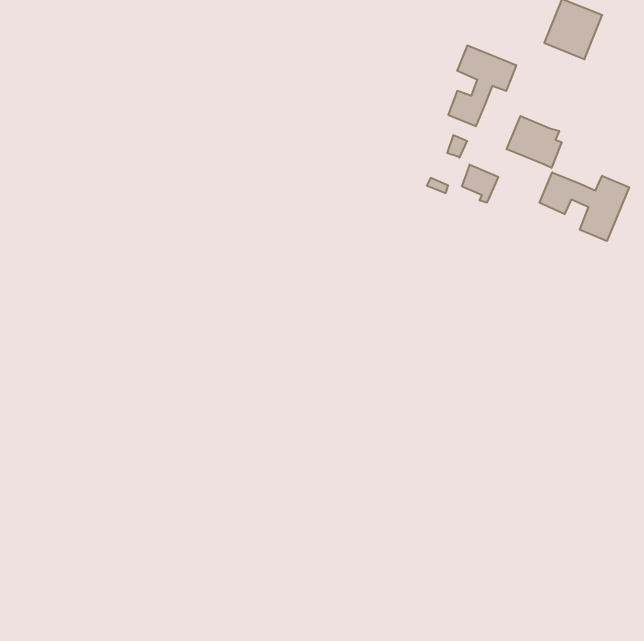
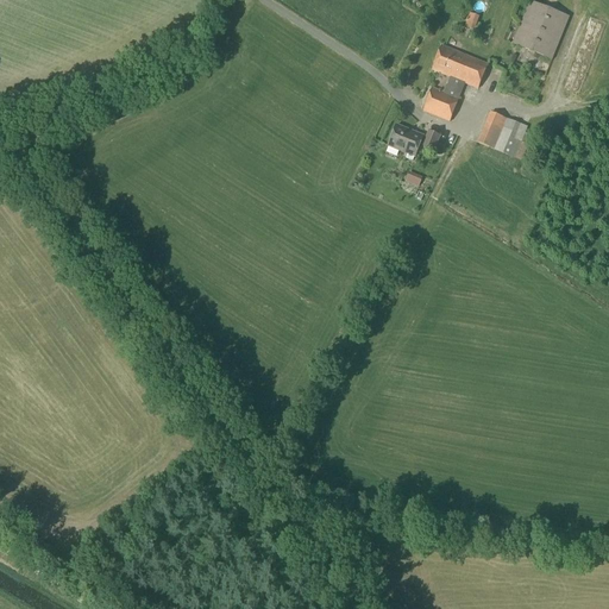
building: [462,165,498,203] -> [388,123,422,158]
building: [539,172,629,241] -> none

